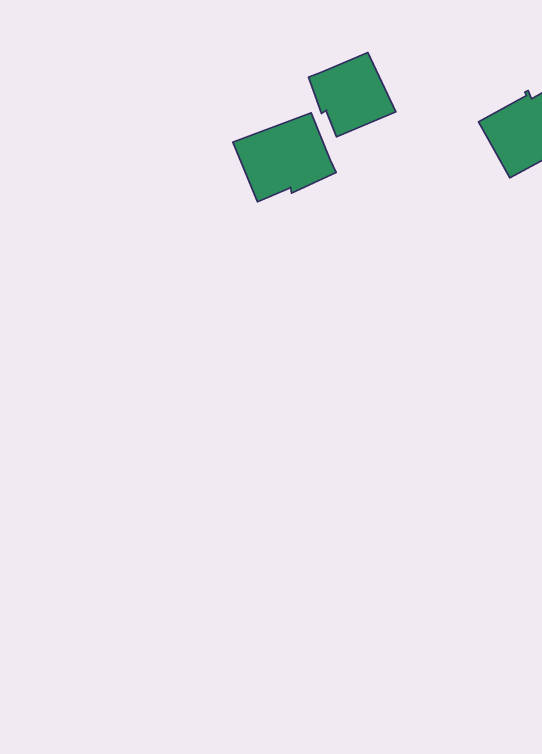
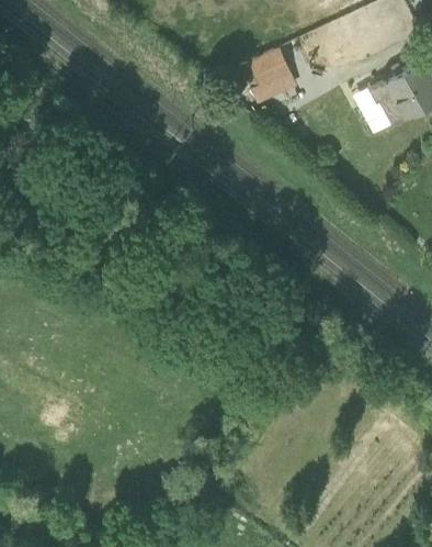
building: [233,113,336,202] -> none

